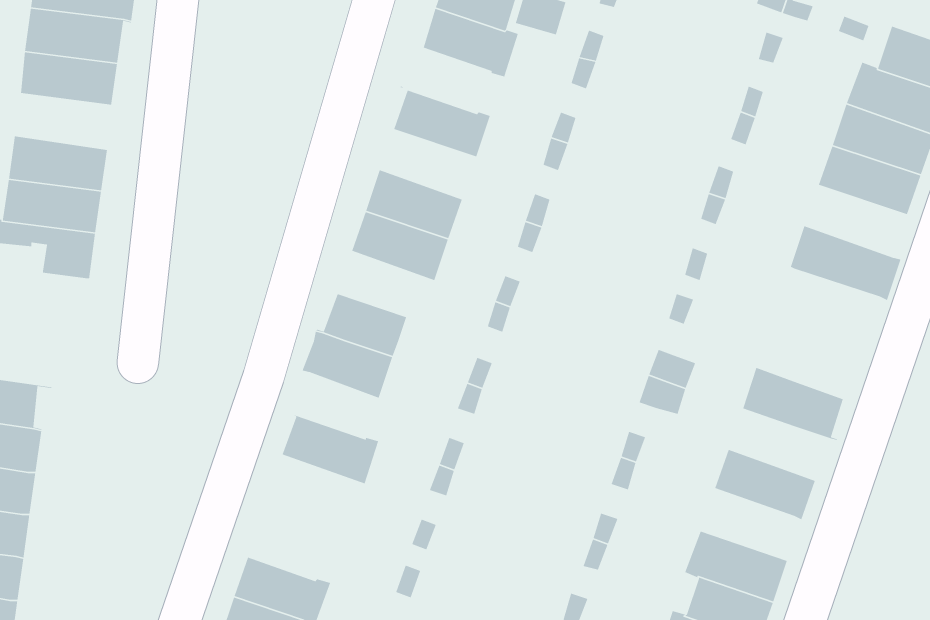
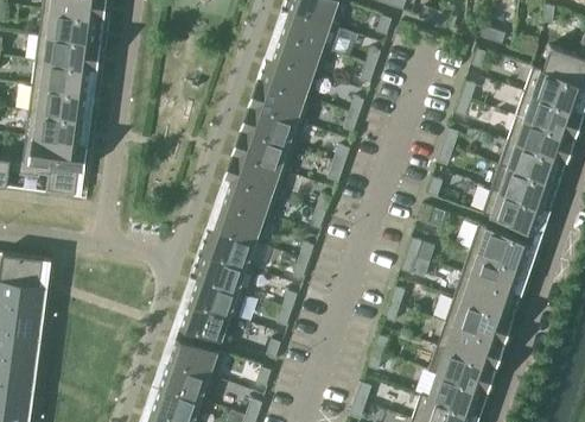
building: none -> [260,57,313,97]
building: none -> [30,86,88,119]
building: none -> [247,107,305,149]
building: none -> [500,140,566,184]
building: none -> [222,179,280,222]
building: none -> [483,189,549,232]
building: none -> [471,223,533,267]
building: none -> [192,251,247,291]
building: none -> [454,273,520,317]
building: none -> [180,301,239,344]
building: none -> [438,321,498,364]
building: none -> [168,336,220,376]

